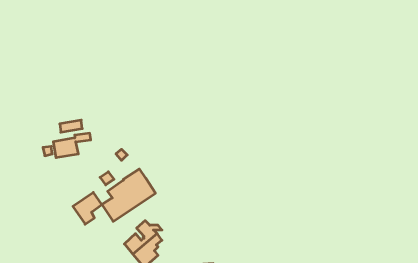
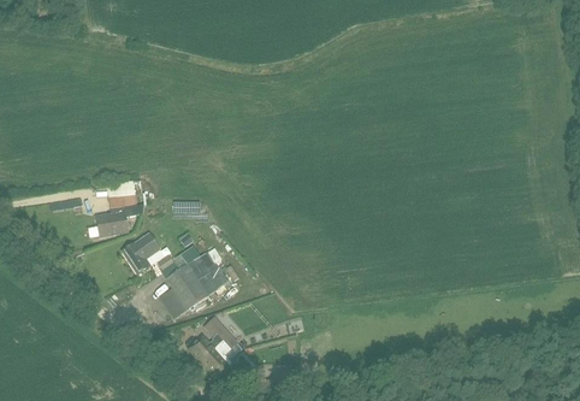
building: [73,192,102,224] -> [123,231,160,272]

